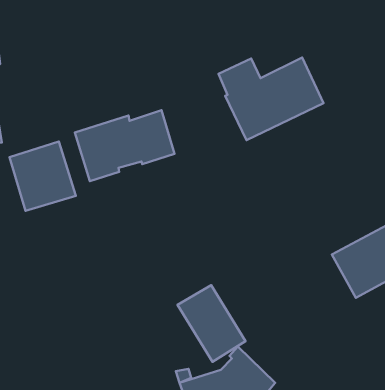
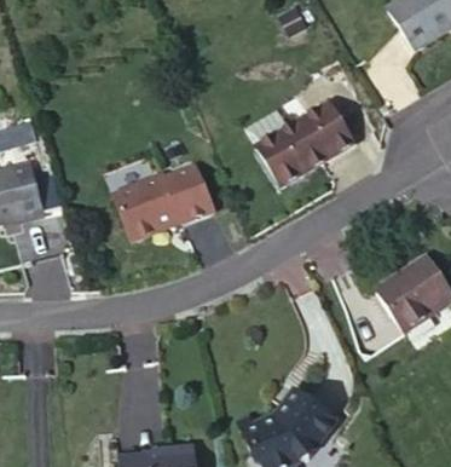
building: [9,142,76,211] -> none
building: [177,285,245,362] -> none

